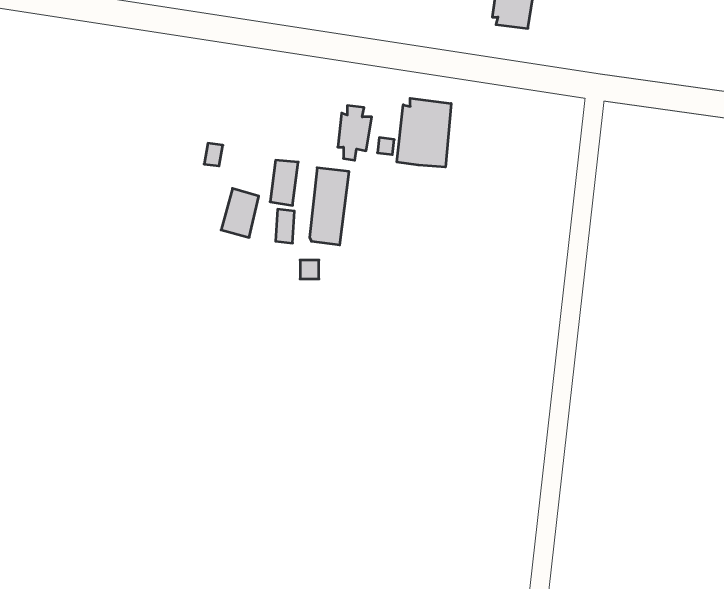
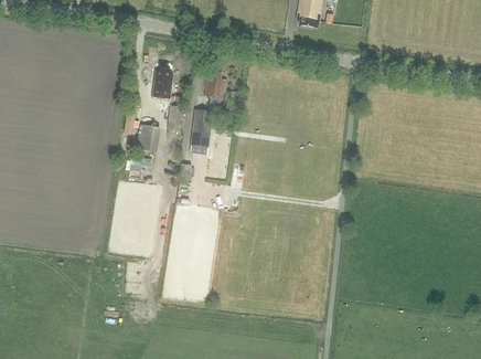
building: none -> [151,64,173,98]
building: [397,98,451,167] -> none

